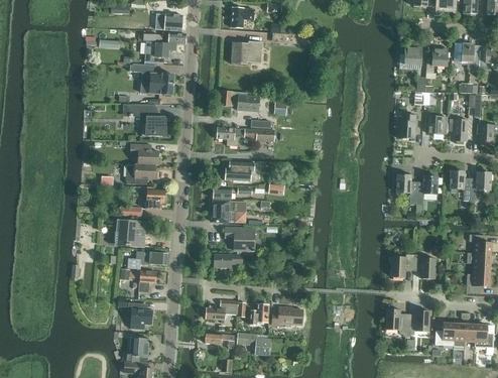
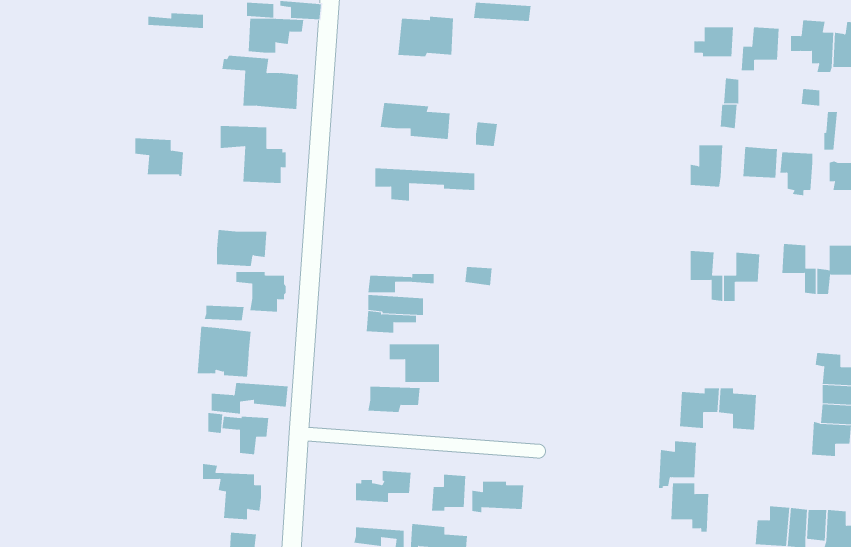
building: [130,142,158,164] -> [135,138,184,177]
building: [224,160,254,180] -> none
building: [407,308,429,336] -> [658,441,697,488]

